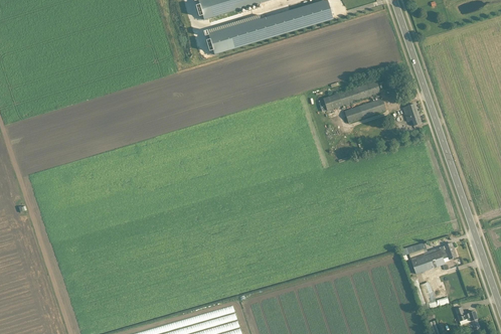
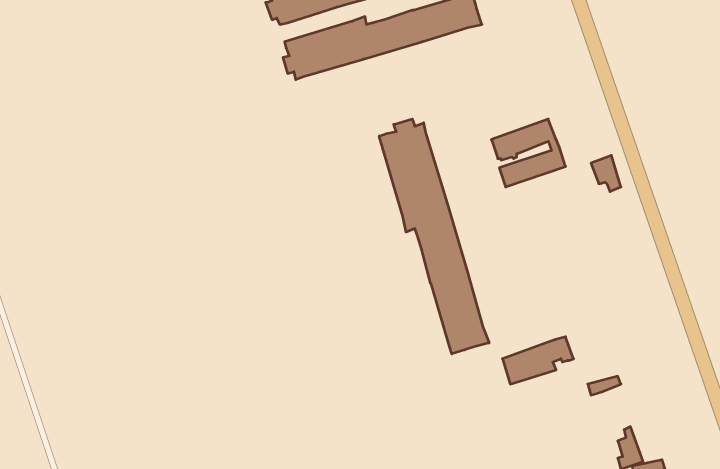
building: none -> [379,119,489,354]
building: [410,242,456,273] -> [502,337,574,384]

